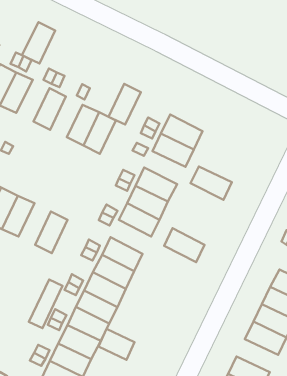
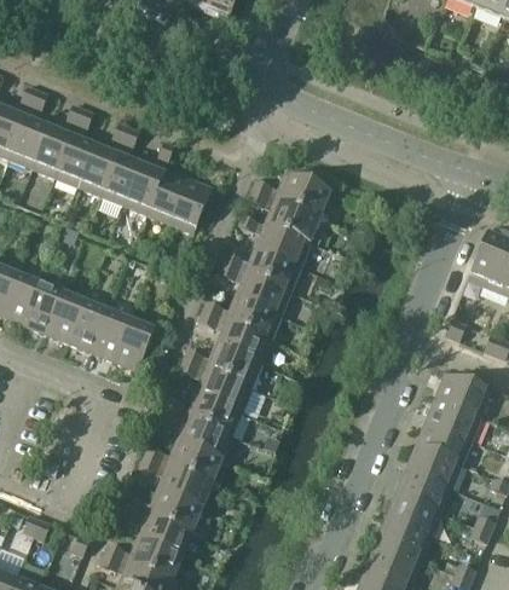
building: [22,22,55,63] -> [77,140,120,196]
building: [108,84,141,124] -> [125,160,166,214]
building: [190,167,232,200] -> [254,225,310,267]
building: none -> [92,306,133,361]
building: [164,228,205,262] -> [215,320,270,364]
building: [29,280,62,328] -> none
building: [98,329,135,360] -> none
building: none -> [395,469,451,511]

